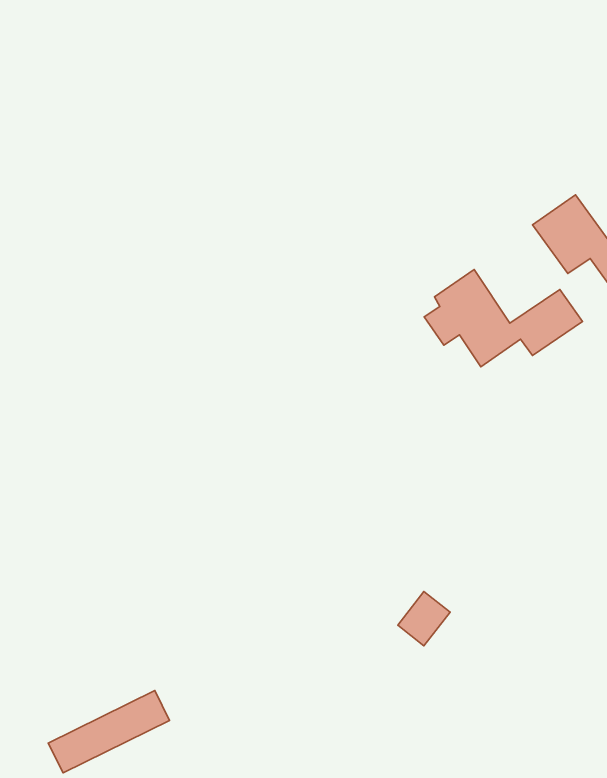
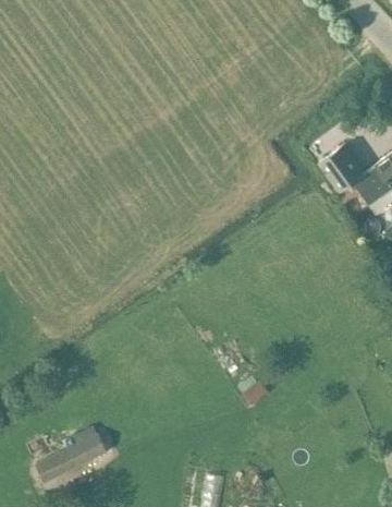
building: [424,269,583,367] -> none

